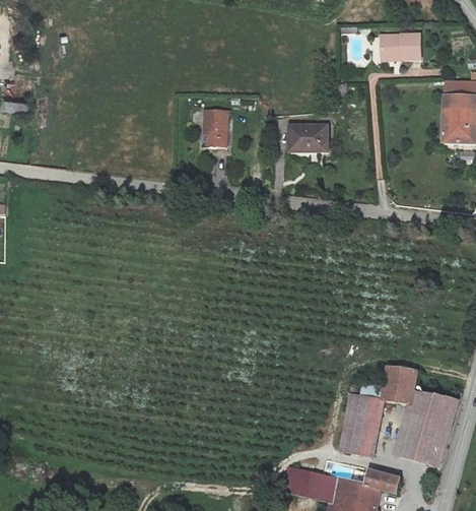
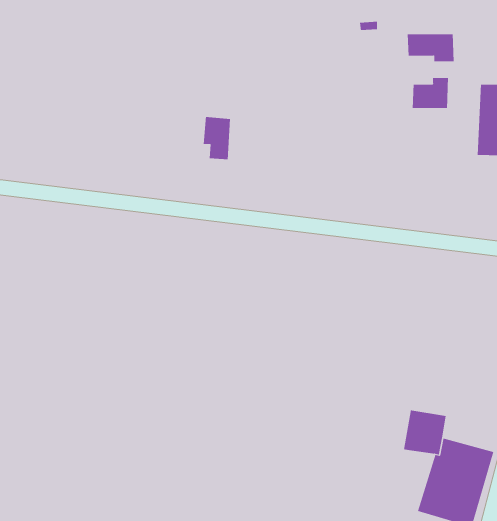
building: none -> [412,77,448,109]
building: [291,124,329,151] -> none
building: [338,393,384,456] -> none

